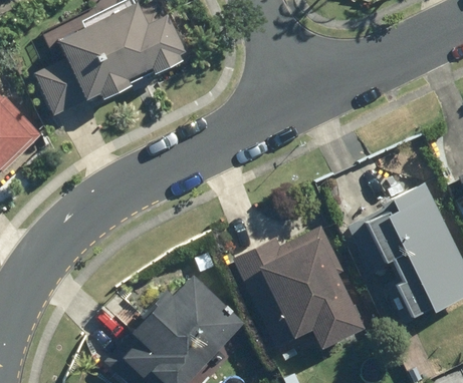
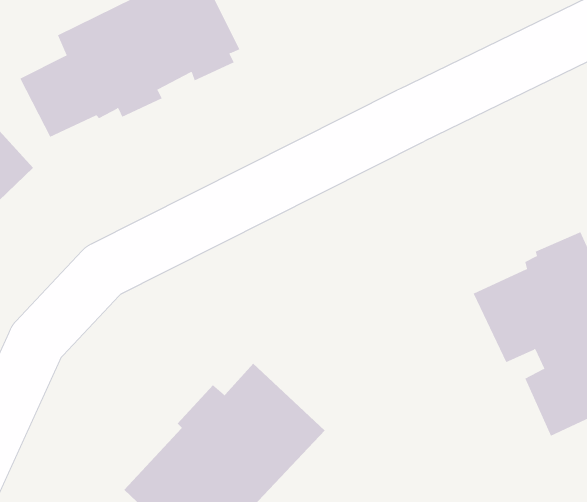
building: [232,226,361,348] -> none

